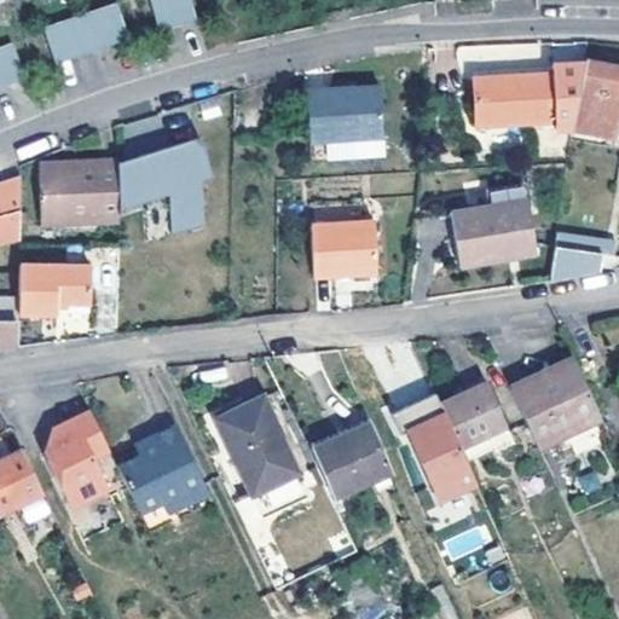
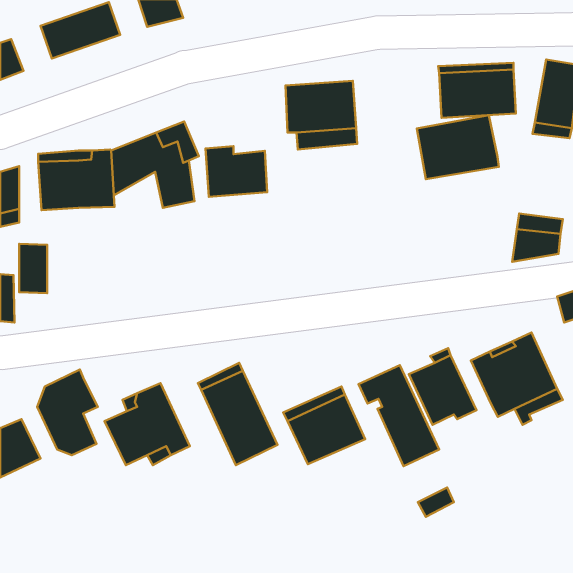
building: [447,199,536,268] -> [417,115,499,179]
building: [308,224,375,278] -> [205,146,267,197]
building: [52,264,96,316] -> none

